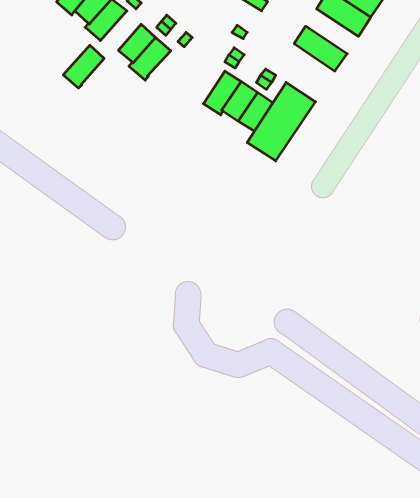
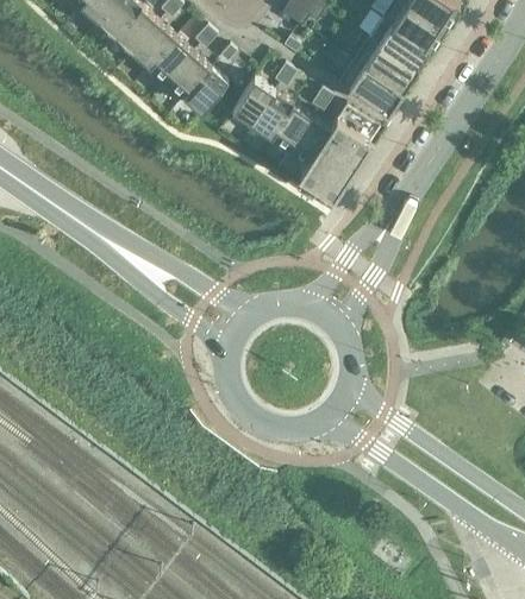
building: none -> [369,17,431,69]
building: none -> [340,57,404,112]
building: [63,45,104,88] -> [130,19,177,69]
building: none -> [185,65,230,111]
building: none -> [230,76,275,127]

